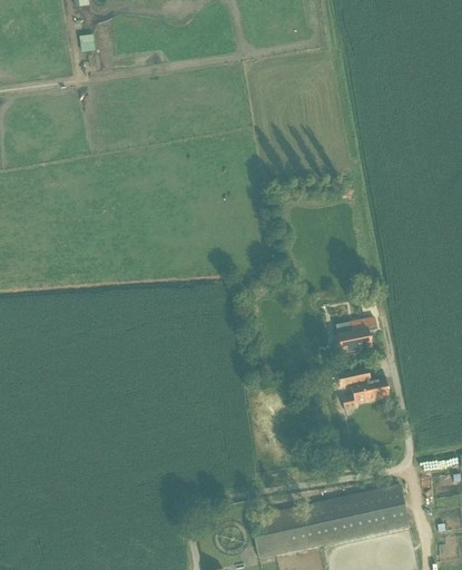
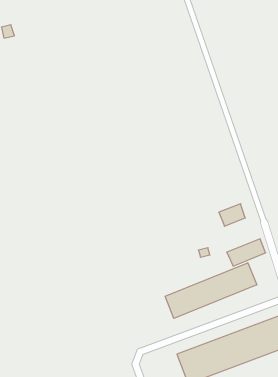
building: none -> [165,263,257,318]

